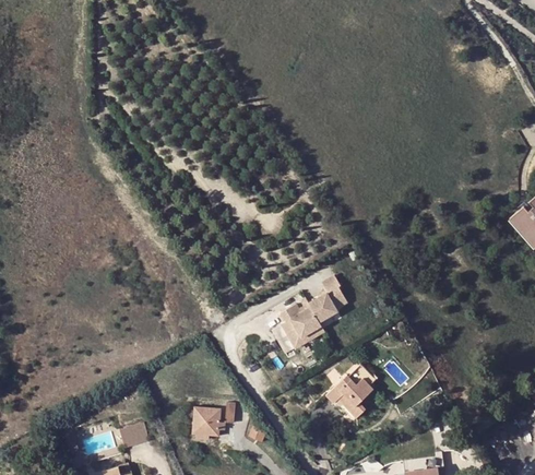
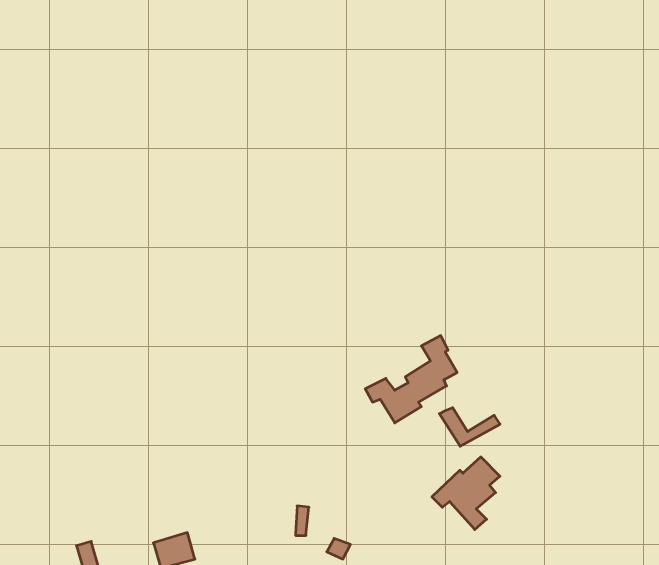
building: [276,323,321,352] -> [439,408,500,446]
building: [191,407,221,436] -> none

